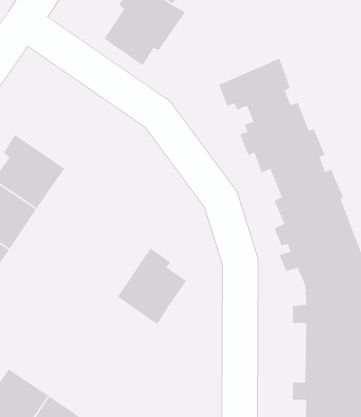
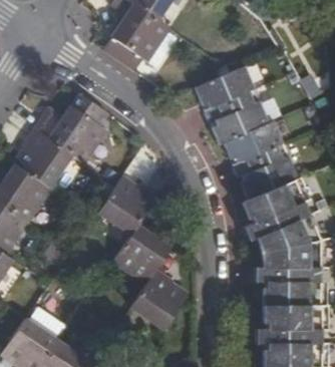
building: none -> [30,93,107,163]
building: none -> [97,176,157,235]
building: none -> [129,267,186,329]

